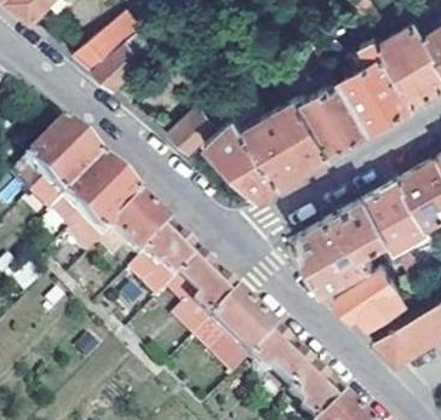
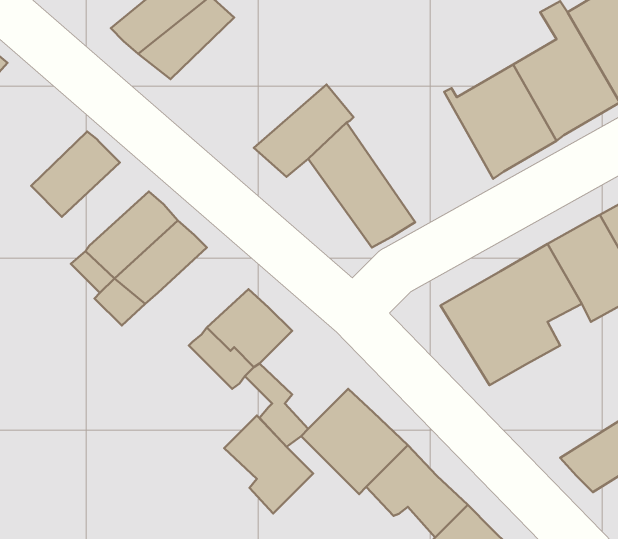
building: [233,99,331,186] -> none
building: [42,146,101,202] -> none
building: [107,203,167,261] -> none
building: [174,259,234,324] -> [224,415,313,513]
building: [328,270,406,327] -> none

